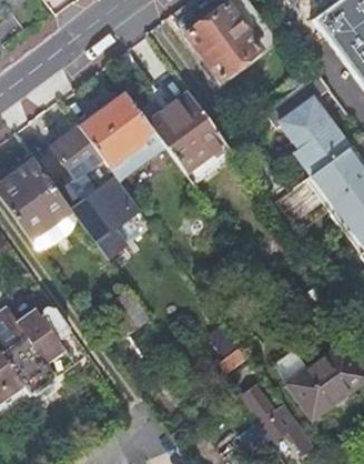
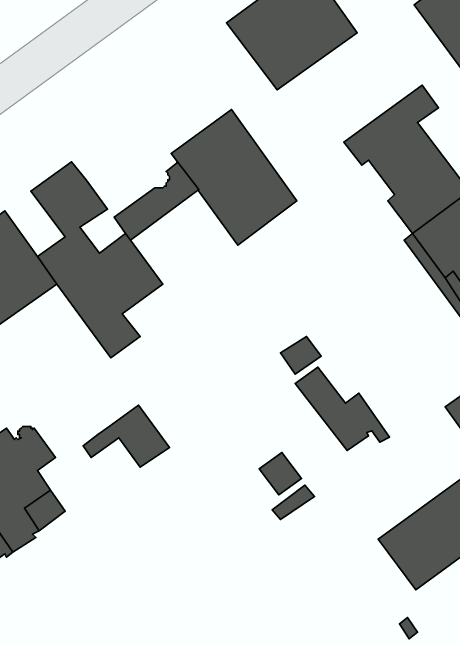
building: [79,92,151,164] -> none
building: [241,385,305,442] -> [295,367,390,450]

